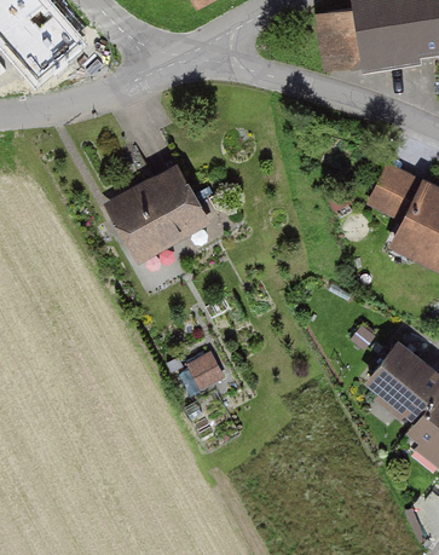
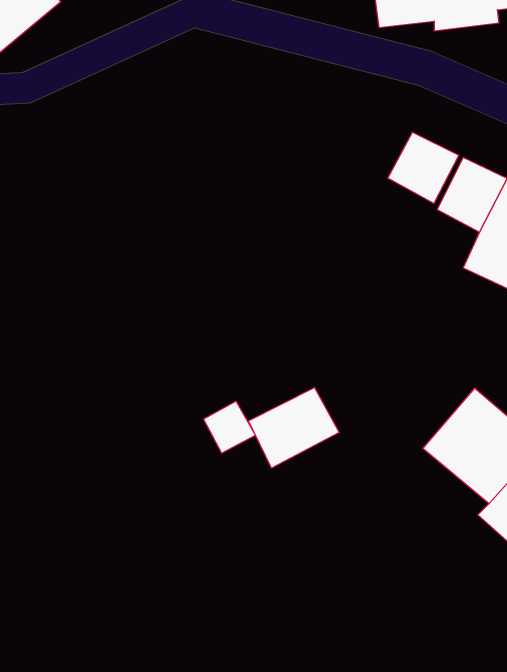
building: none -> [388,132,459,203]
building: [106,162,213,266] -> none
building: none -> [249,387,339,468]

